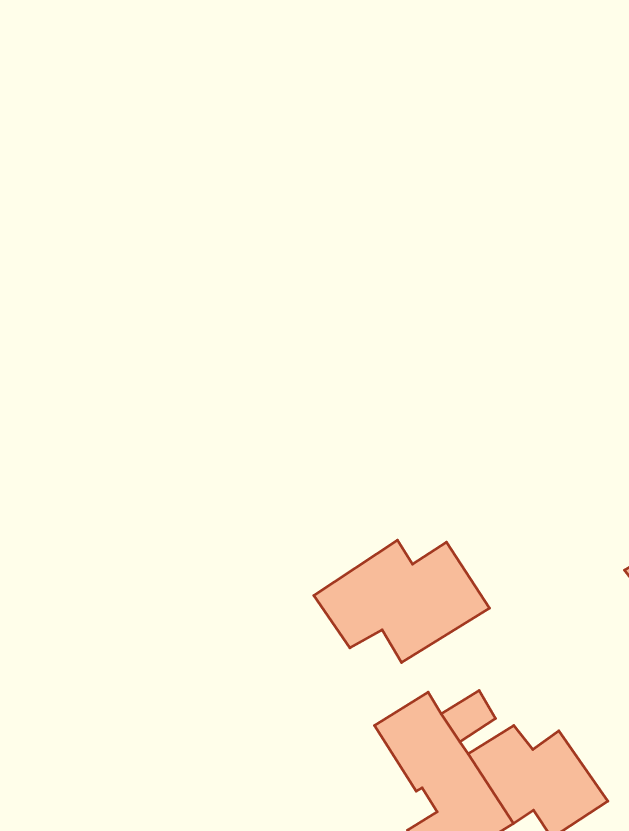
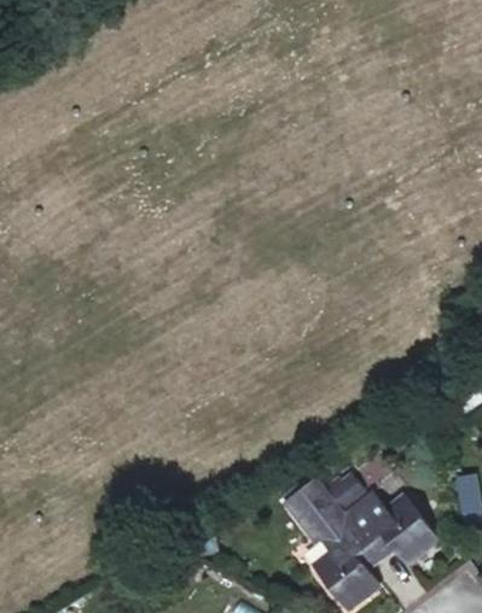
building: [314,540,490,662] -> none

